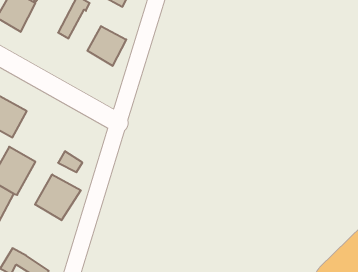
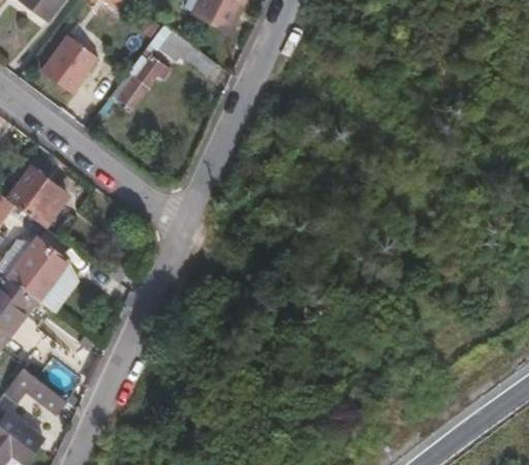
building: [87,26,126,66] -> none
building: [35,174,81,220] -> none

